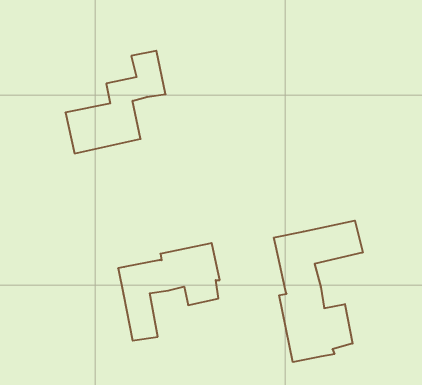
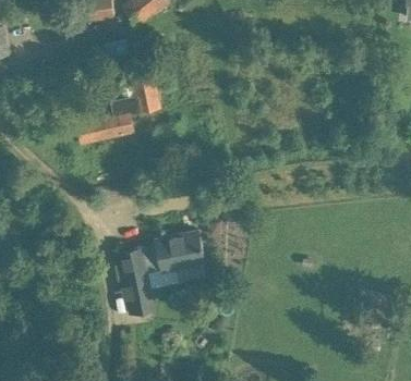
building: [274,221,363,362] -> none

